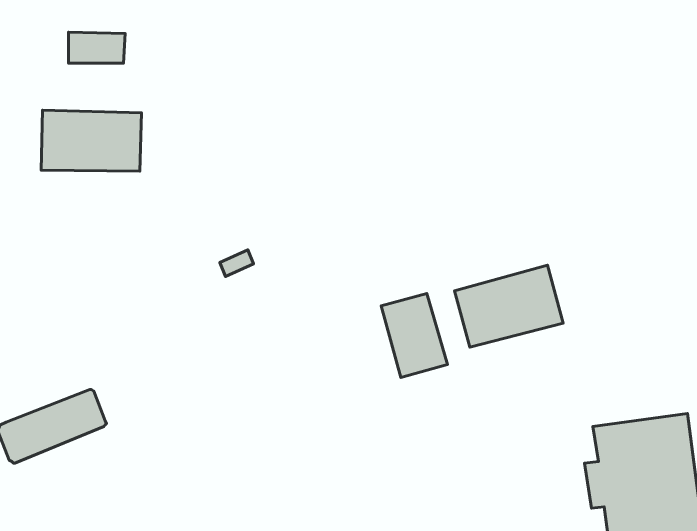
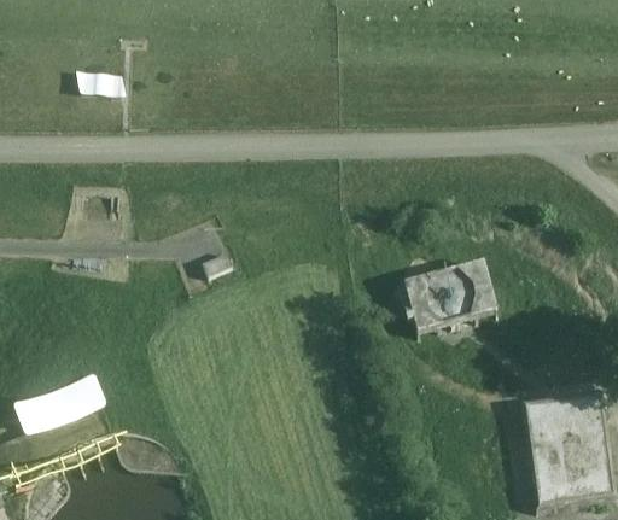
building: [41,110,141,171] -> none
building: [381,294,447,378] -> none

